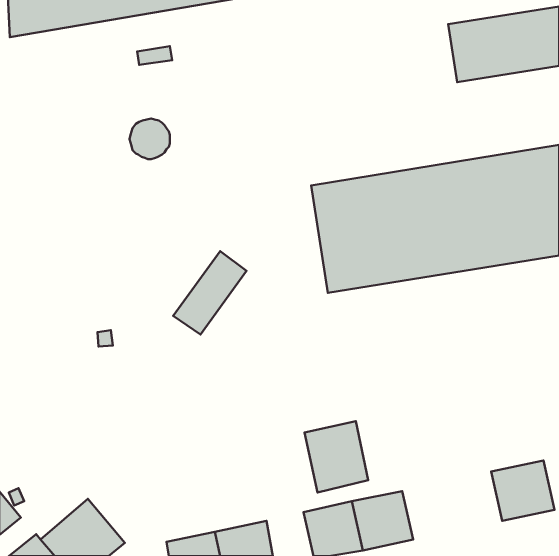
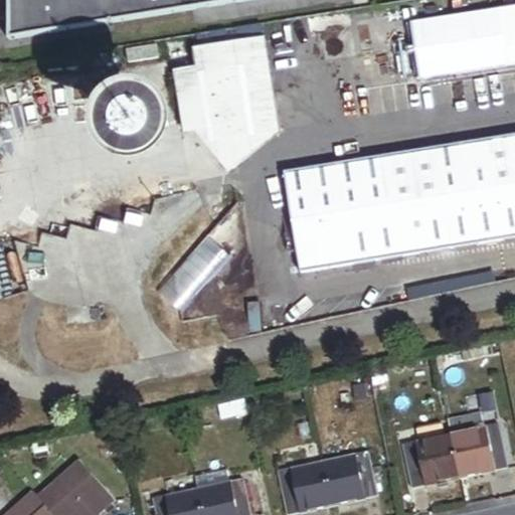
building: none -> [172,37,279,172]
building: [305,421,368,492] -> none
building: none -> [403,433,461,488]

